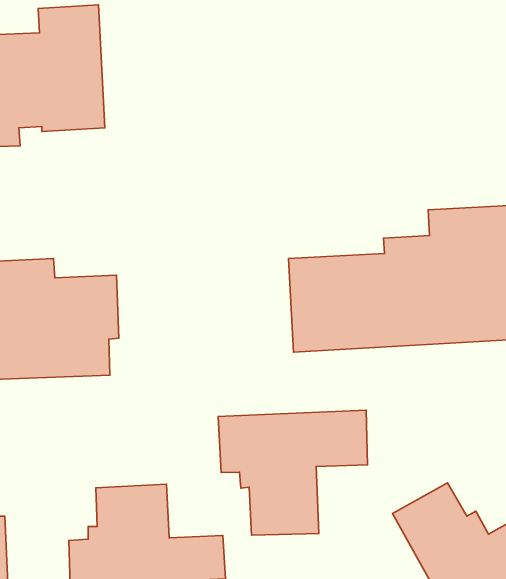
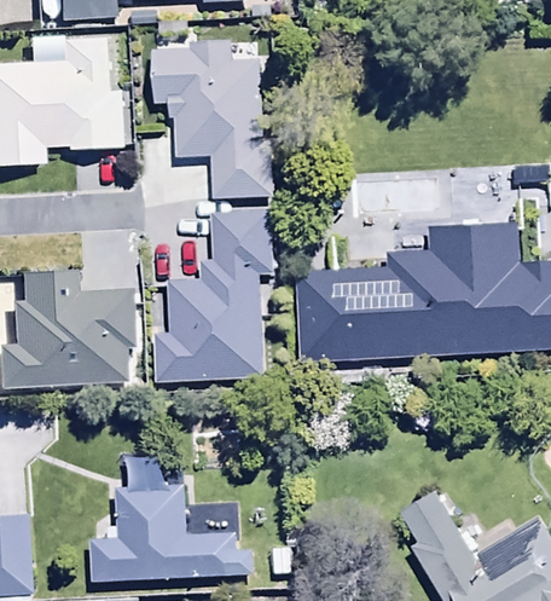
building: none -> [151,39,272,198]
building: none -> [151,210,273,381]
building: [218,410,368,535] -> none

